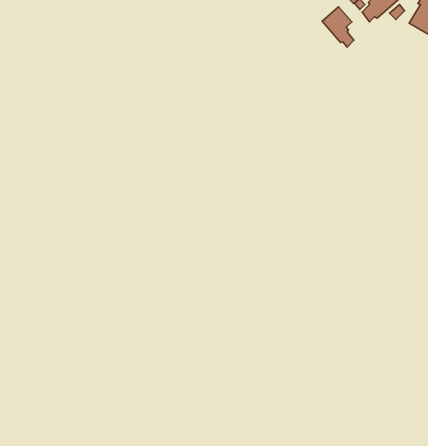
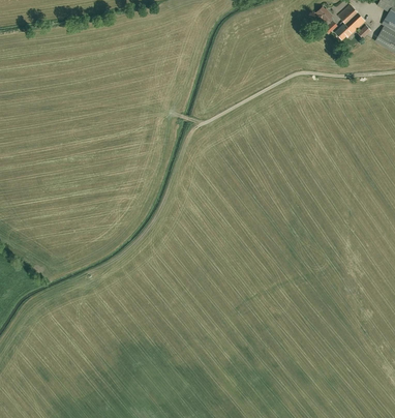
building: [322,7,354,47] -> none

